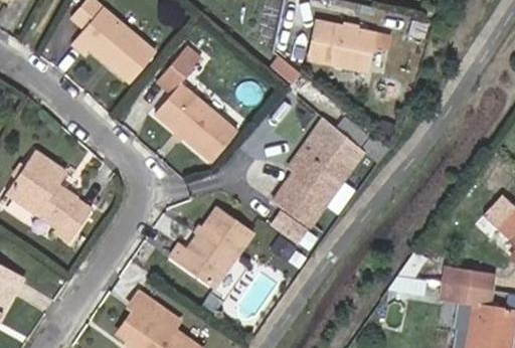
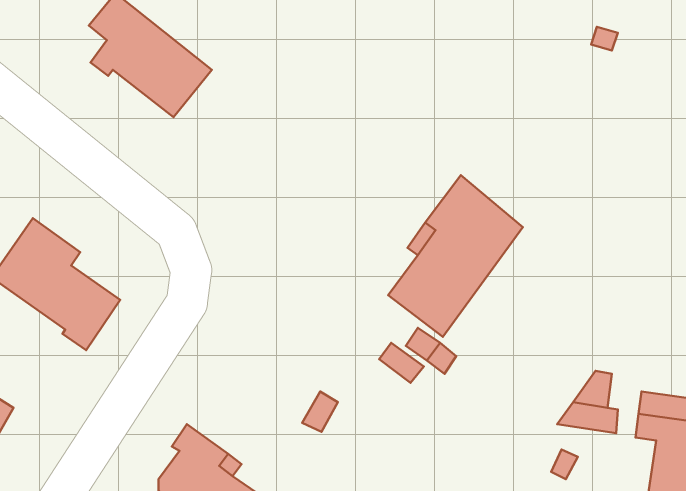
building: [308,22,388,72] -> none
building: [153,51,234,161] -> none
building: [169,205,251,287] -> none

